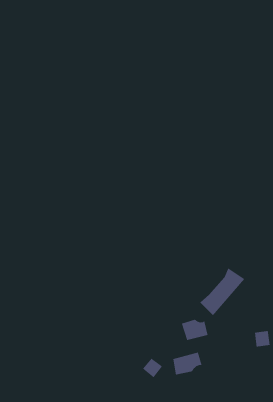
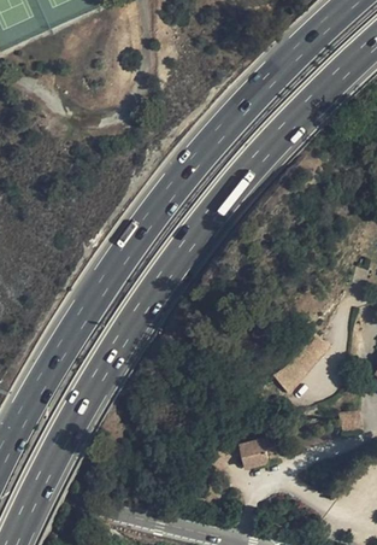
building: [181,319,208,341] -> none

